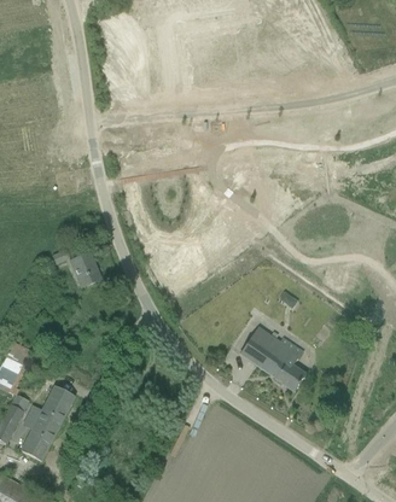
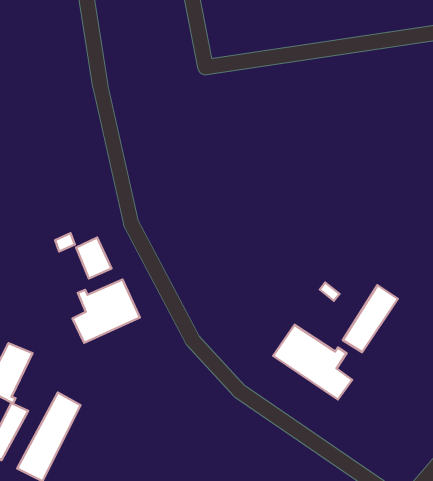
building: none -> [72,280,140,343]
building: none -> [343,285,398,352]

